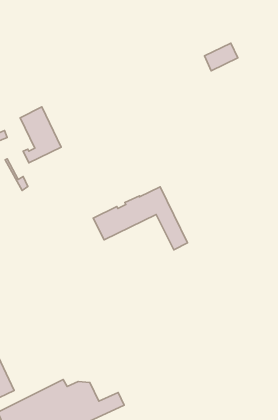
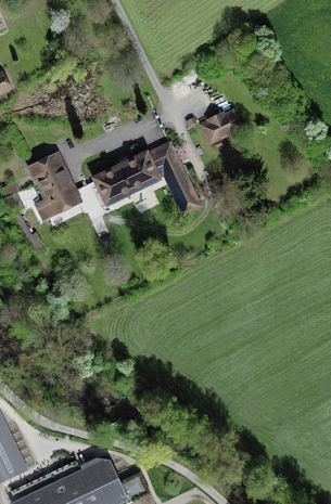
building: [204,43,238,71] -> [204,112,241,142]
building: [93,187,188,250] -> [96,144,200,214]

